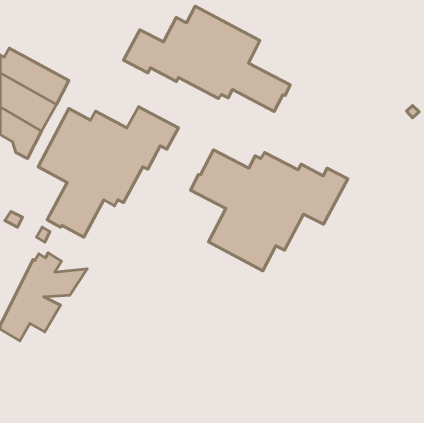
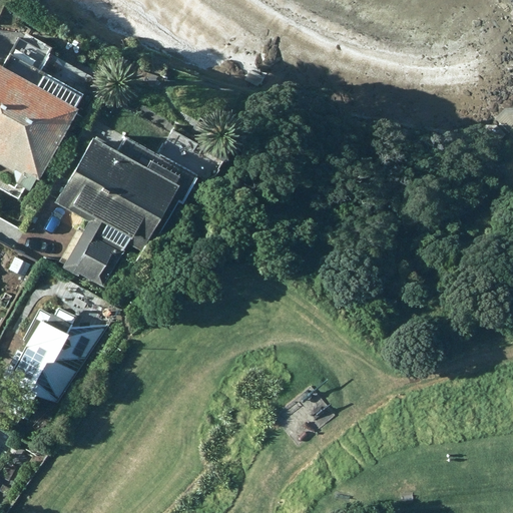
building: [123,6,290,111] -> none
building: [191,150,348,271] -> none

